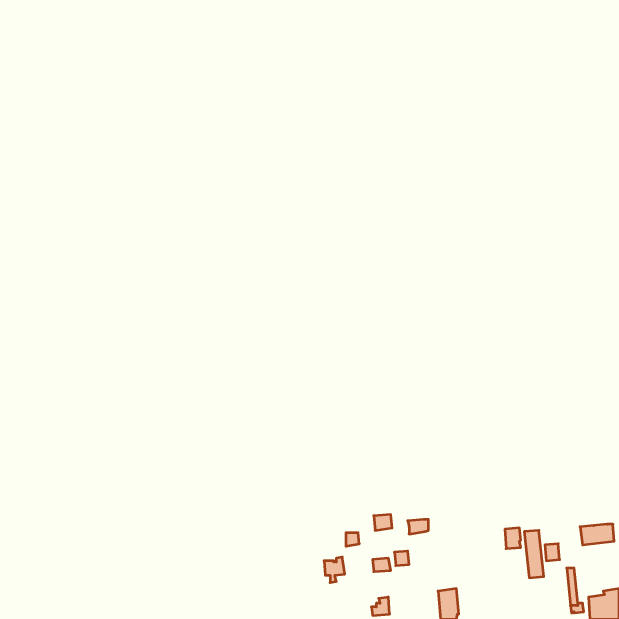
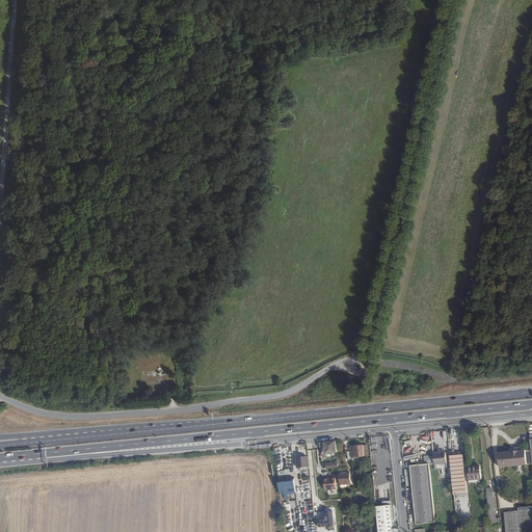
building: none -> [408,463,434,524]

